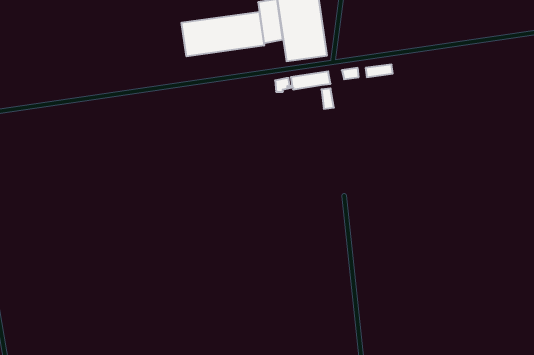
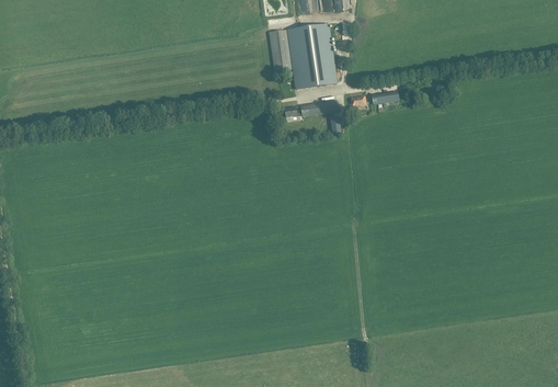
building: [182,12,264,56] -> none

